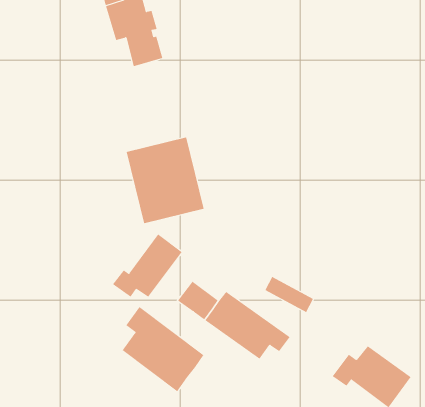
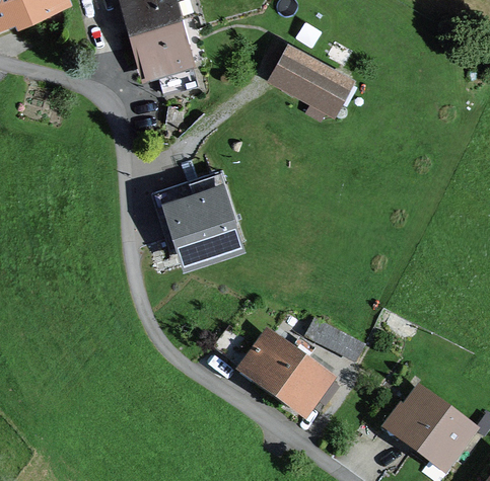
building: none -> [276,52,345,106]
building: [112,233,183,298] -> none
building: [122,306,204,392] -> none

